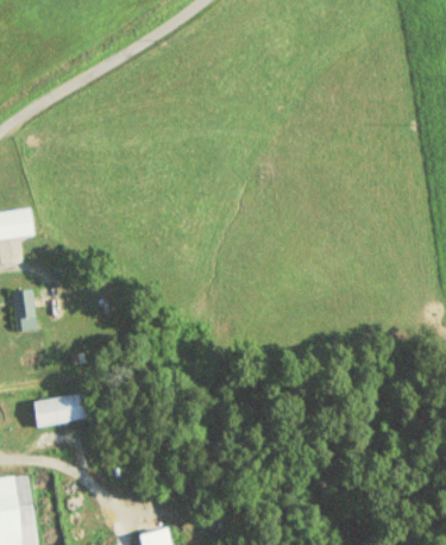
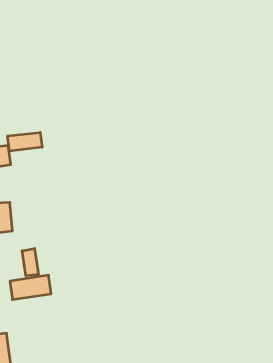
building: none -> [8,132,42,151]
building: none -> [22,248,38,276]

